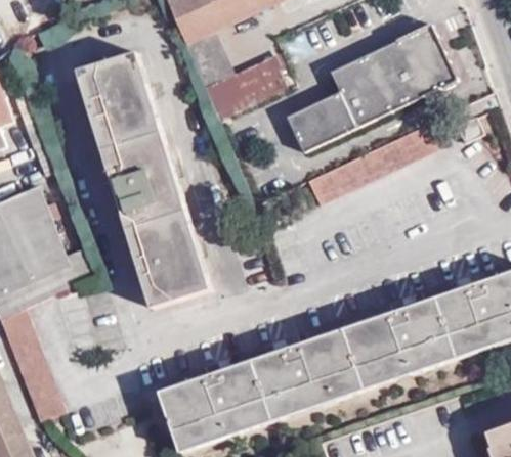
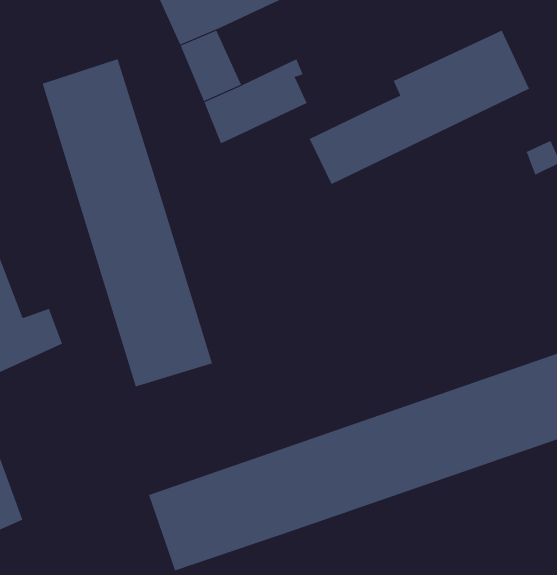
building: [329,20,435,90] -> none
building: [304,123,437,207] -> none

